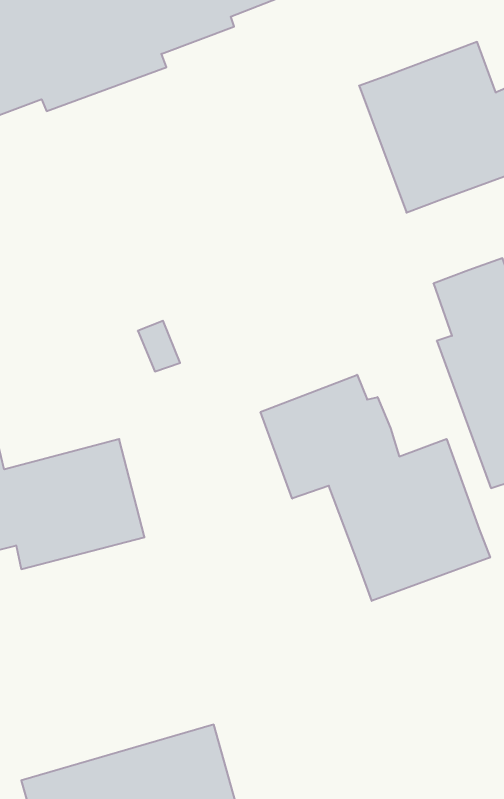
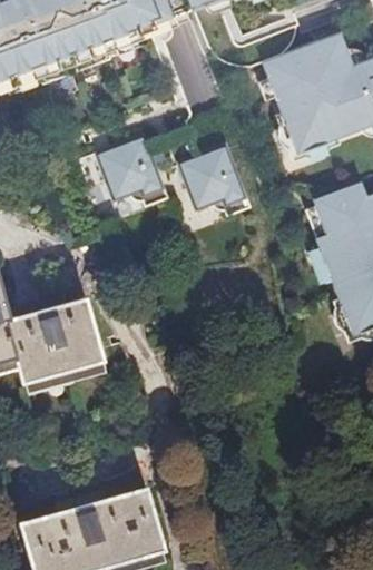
building: none -> [101,135,174,207]
building: none -> [184,144,256,216]
building: [261,375,490,601] -> none

